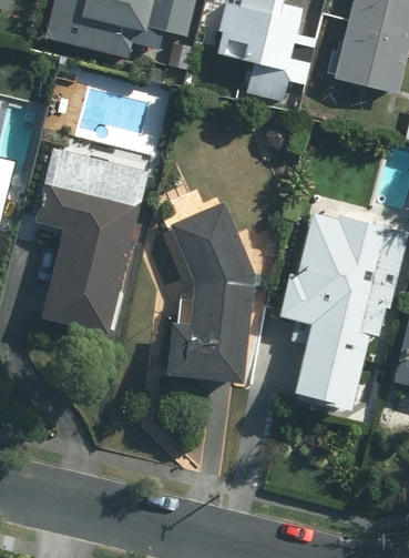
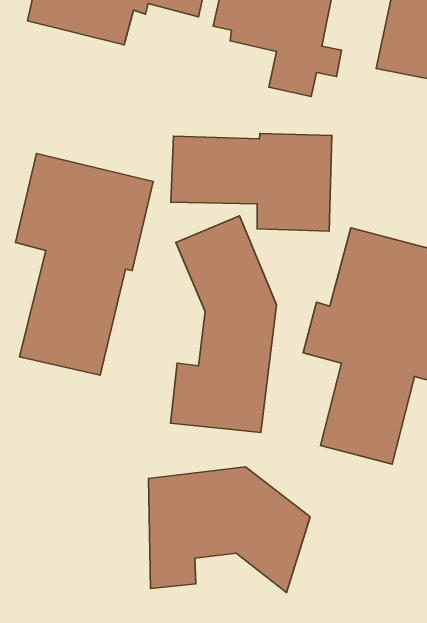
building: none -> [171,133,332,231]
building: none -> [149,467,310,592]

